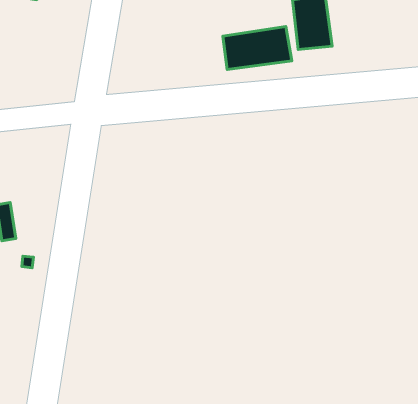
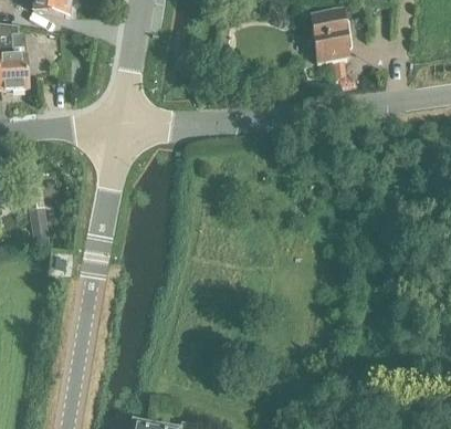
building: [223,26,292,70] -> none

